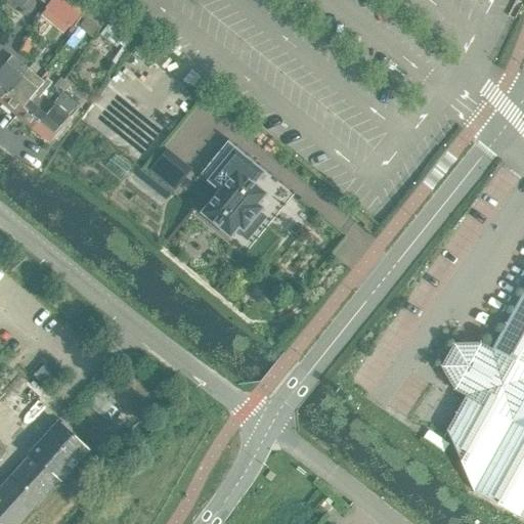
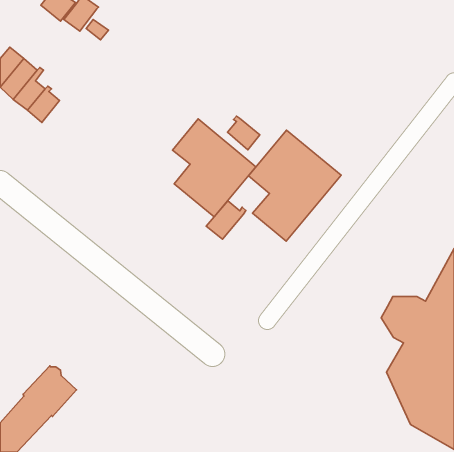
building: none -> [228,116,260,150]
building: none -> [248,130,341,241]
building: none -> [206,201,246,239]

